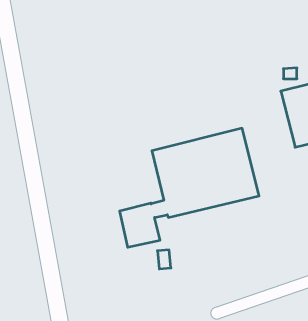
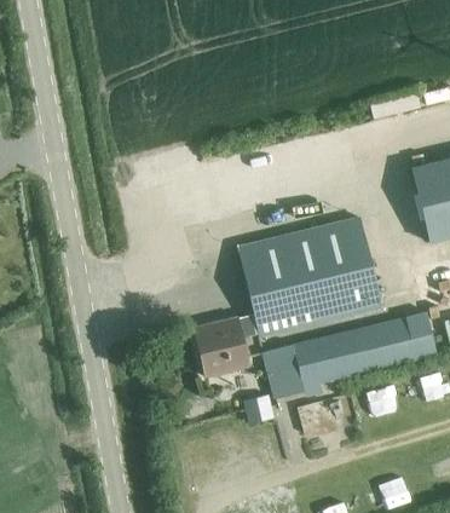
building: none -> [264,311,437,397]

